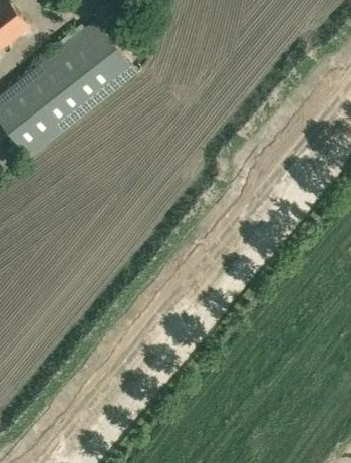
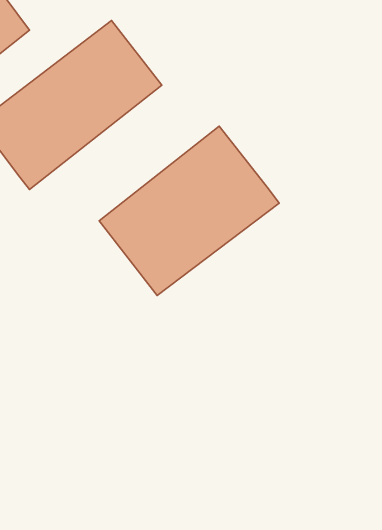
building: none -> [99,126,279,296]

